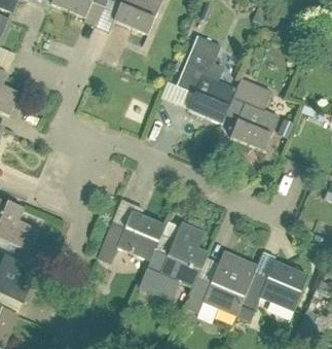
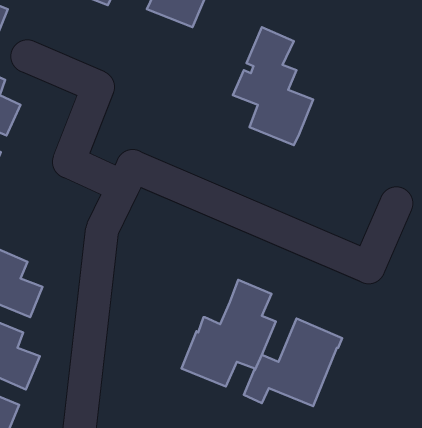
building: [225,77,278,150] -> none
building: [97,210,165,263] -> none
building: [235,260,307,323] -> none

